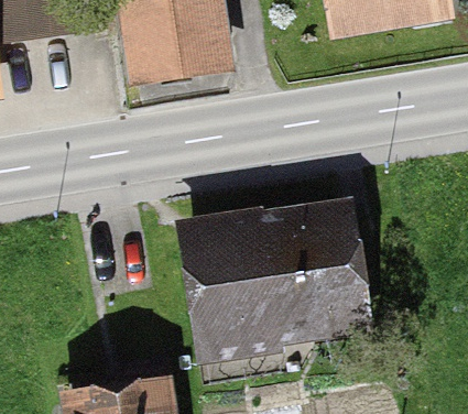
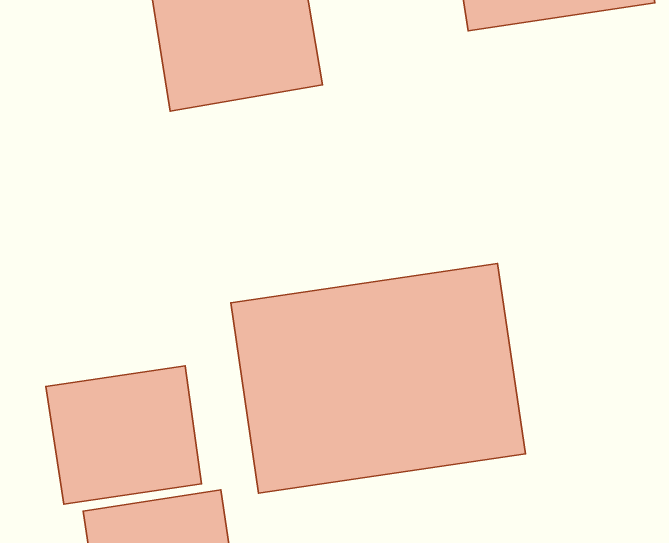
building: none -> [46,366,201,504]

